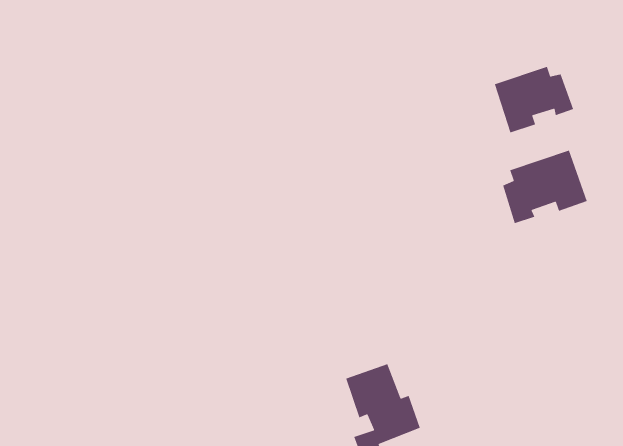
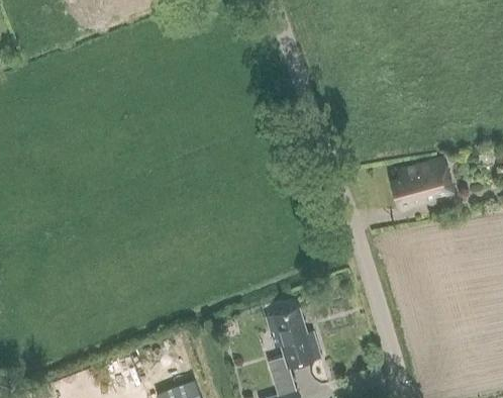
building: [494,66,574,133] -> none

